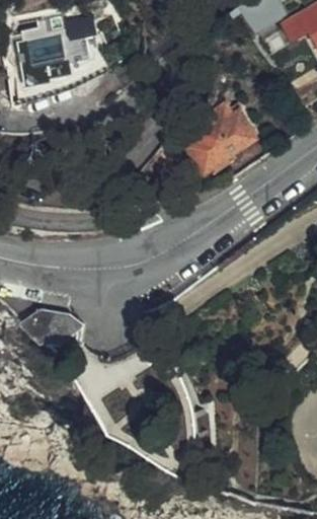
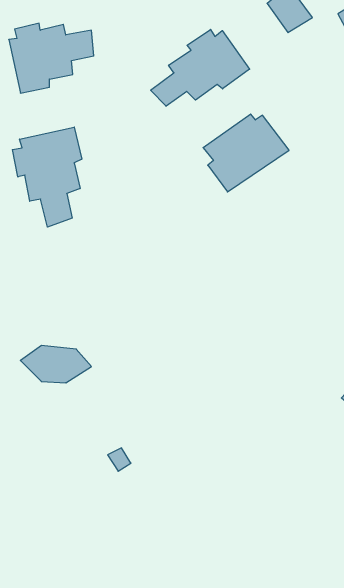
building: none -> [151,29,250,106]
building: none -> [12,127,82,227]

